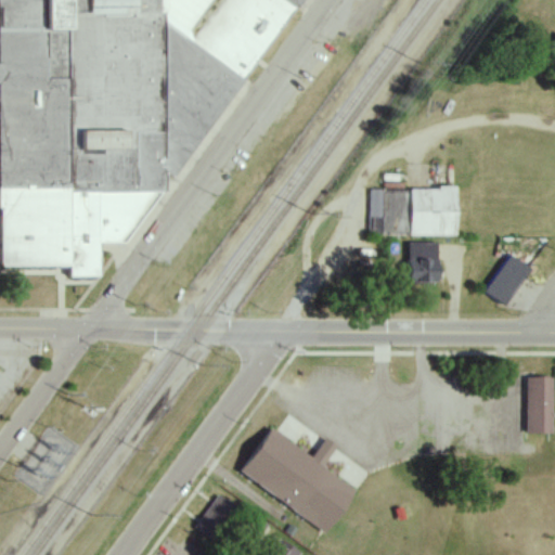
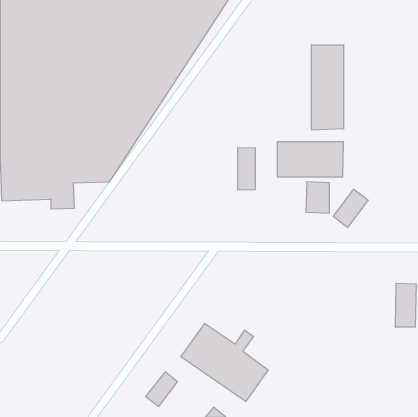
building: none -> [312,45,344,130]
building: none -> [238,147,255,190]
building: [482,254,529,305] -> [333,189,368,228]

